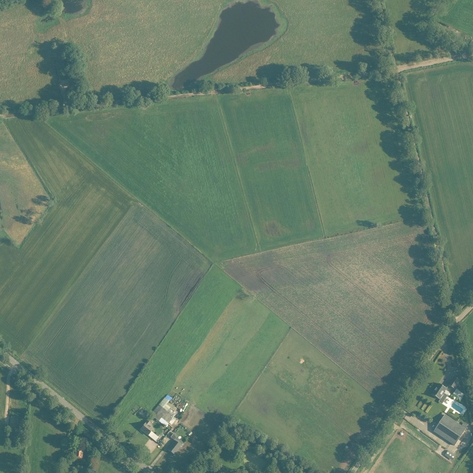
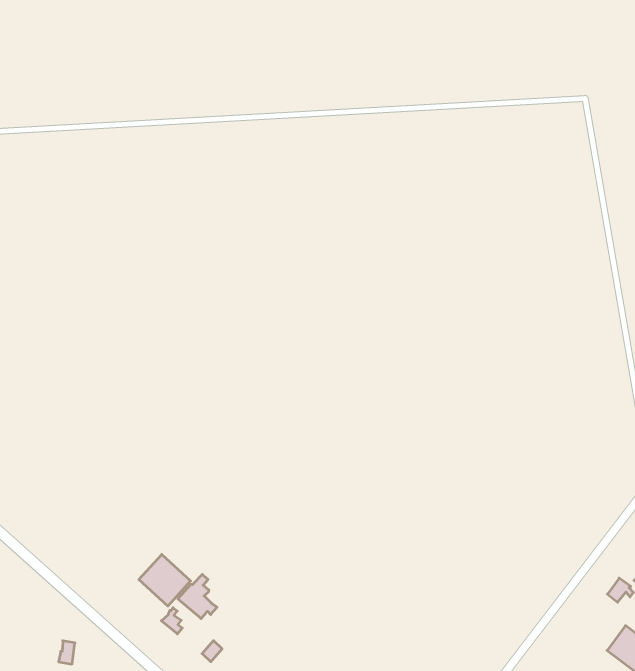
building: none -> [139,554,191,606]

